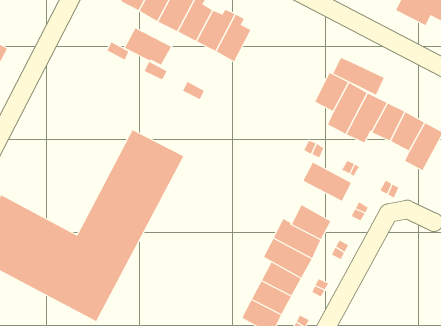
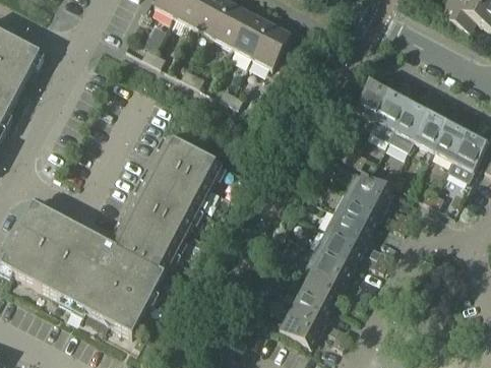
building: [124,27,172,66] -> none
building: [332,57,384,96] -> none
building: none -> [332,188,383,230]

